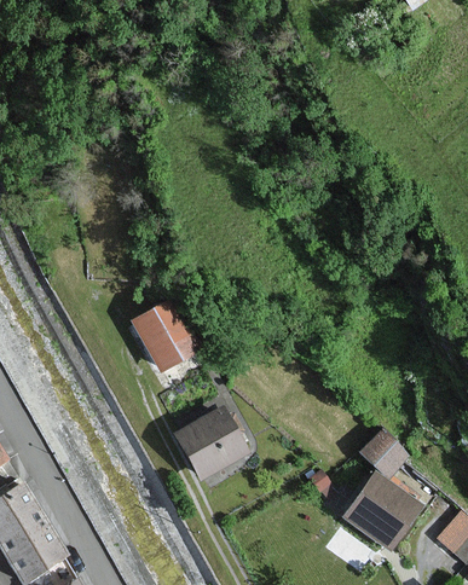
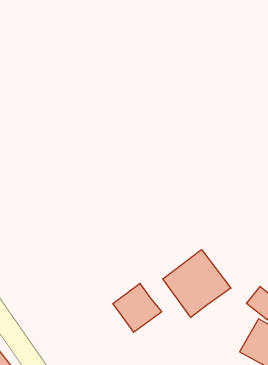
building: [133,301,201,372] -> none
building: none -> [163,250,231,318]

